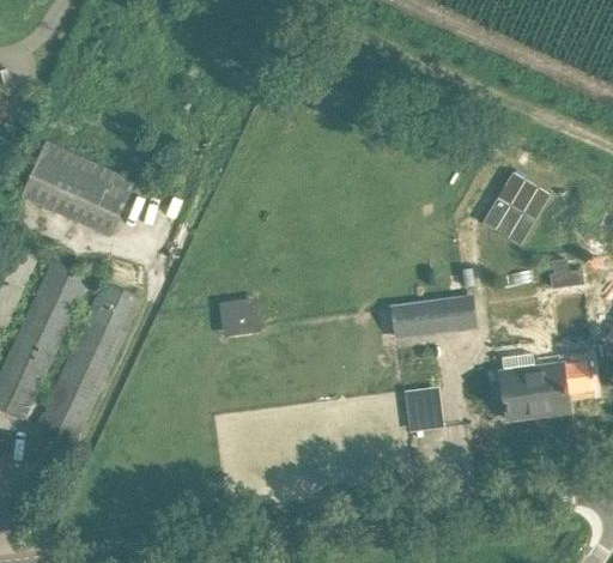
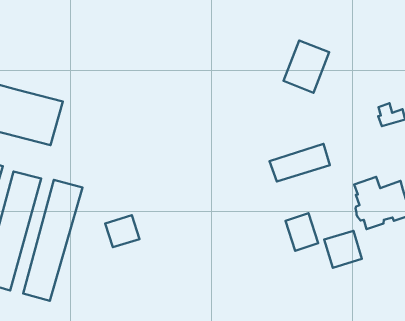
building: [482,172,550,246] -> [284,40,329,93]
building: [219,298,261,337] -> [105,215,140,247]
building: none -> [324,231,362,268]

